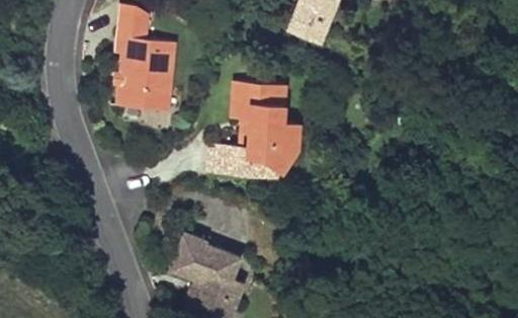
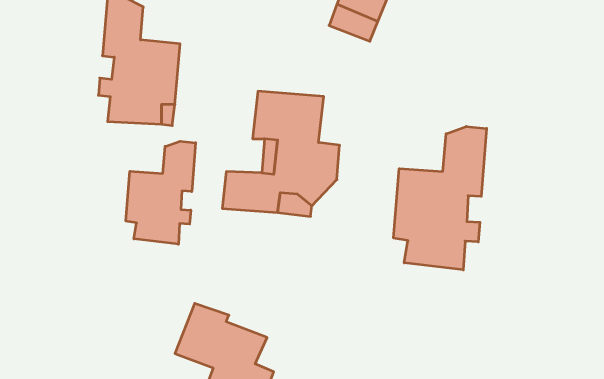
building: none -> [394,126,487,270]
building: none -> [126,141,196,244]

